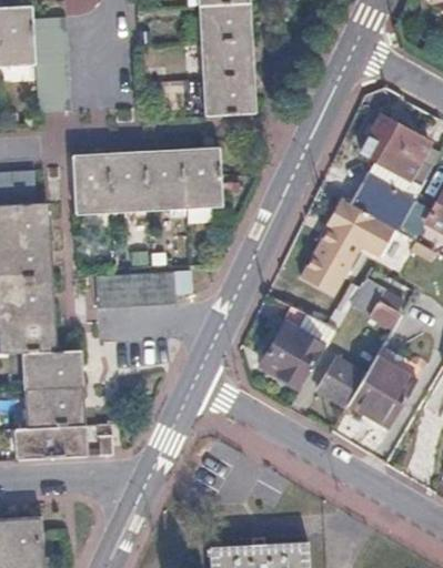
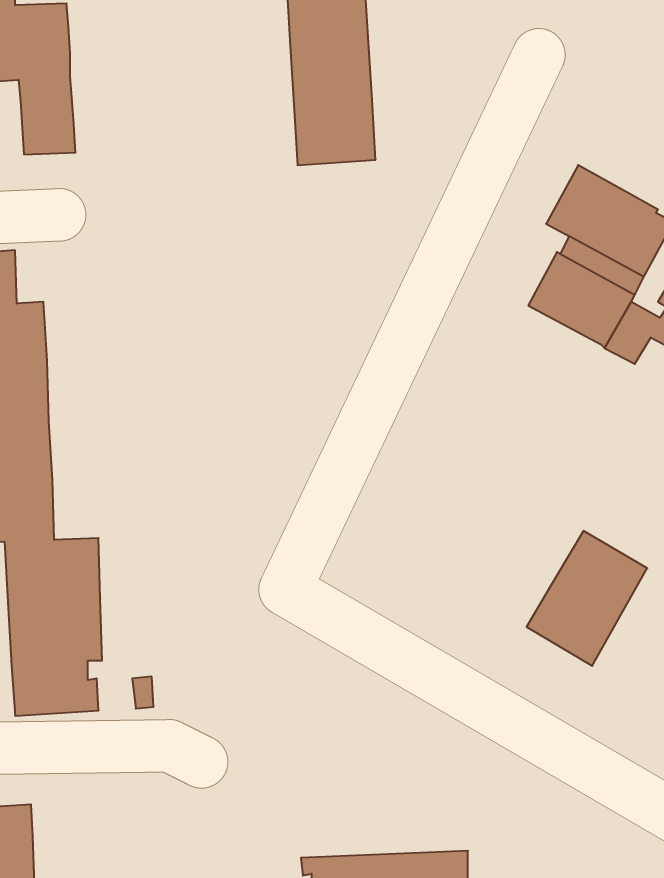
building: [71,149,222,214] -> none
building: [301,199,395,296] -> none
building: [95,273,170,307] -> none
building: [352,283,404,327] -> none
building: [261,307,340,387] -> none
building: [320,359,366,407] -> none

